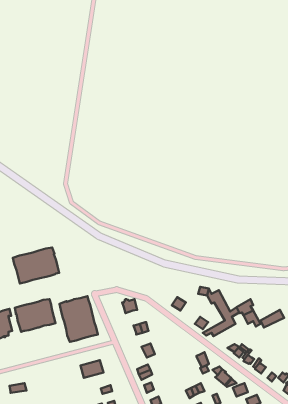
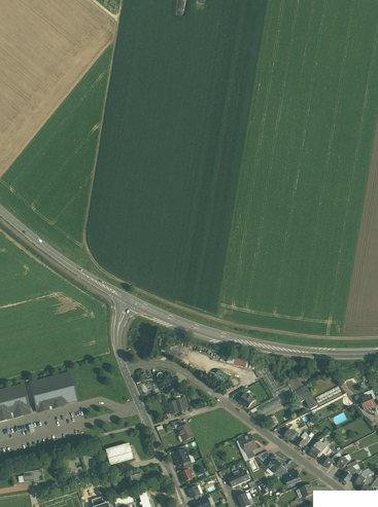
building: [13,247,59,284] -> none
building: [60,296,98,342] -> none

